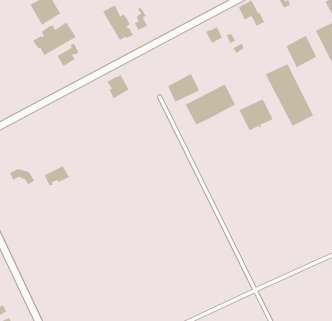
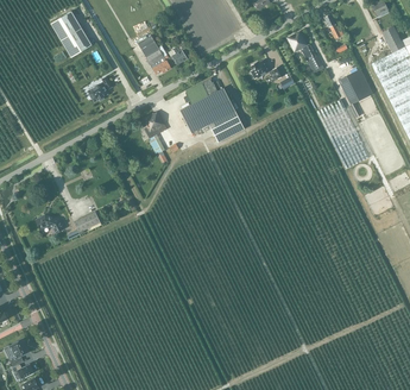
building: [32,21,77,56] -> none
building: [185,84,236,125] -> [179,88,235,133]
building: [239,98,273,131] -> none

